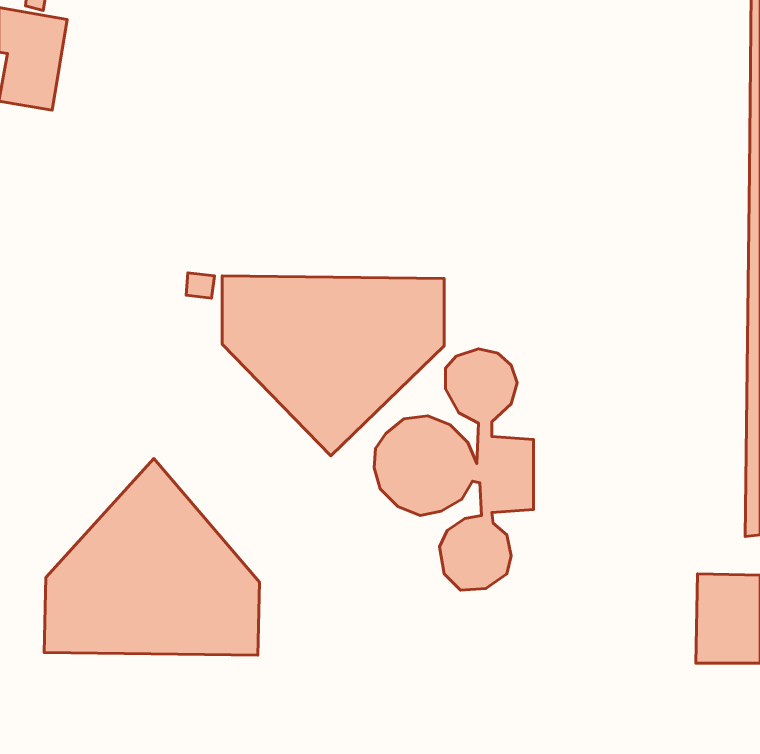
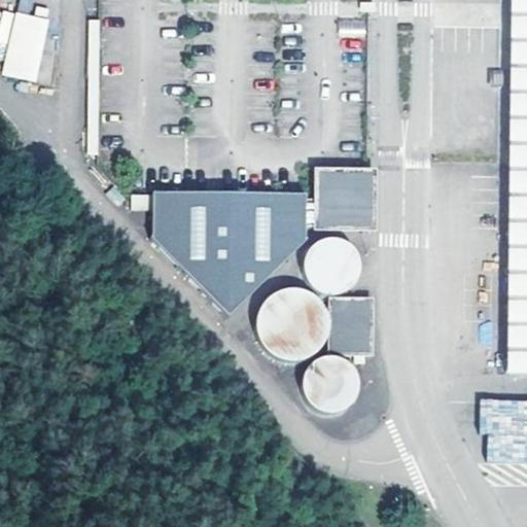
building: none -> [319,170,373,224]
building: [44,458,260,655] -> none

